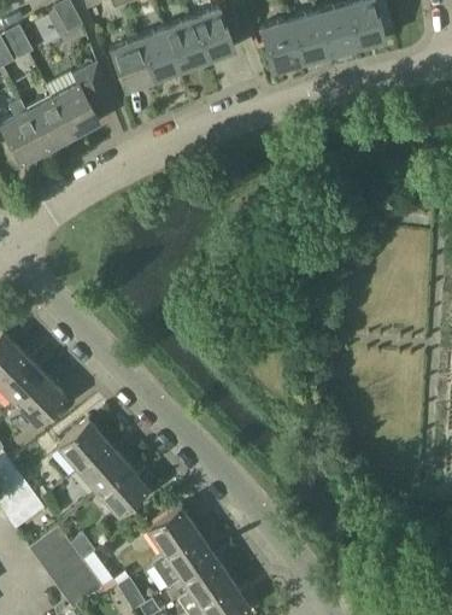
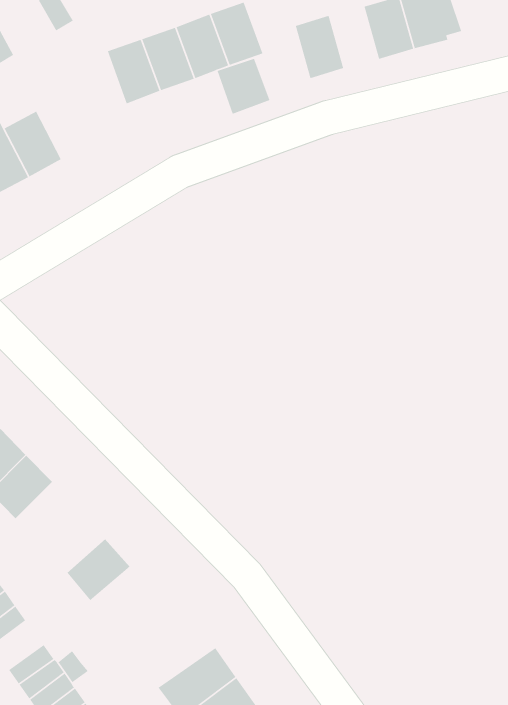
building: [289,13,329,64] -> none
building: none -> [216,58,271,115]
building: [53,65,111,137] -> none
building: [57,421,108,472] -> none
building: [96,467,152,516] -> none
building: [146,506,198,556] -> none

